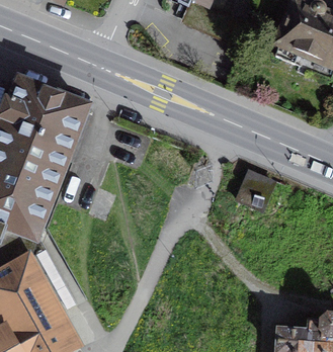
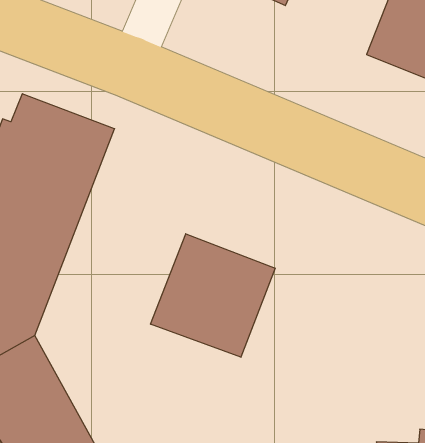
building: none -> [151,234,275,357]

